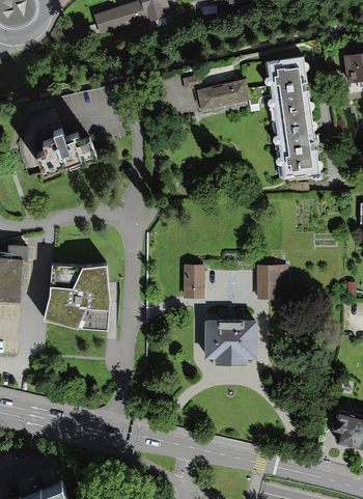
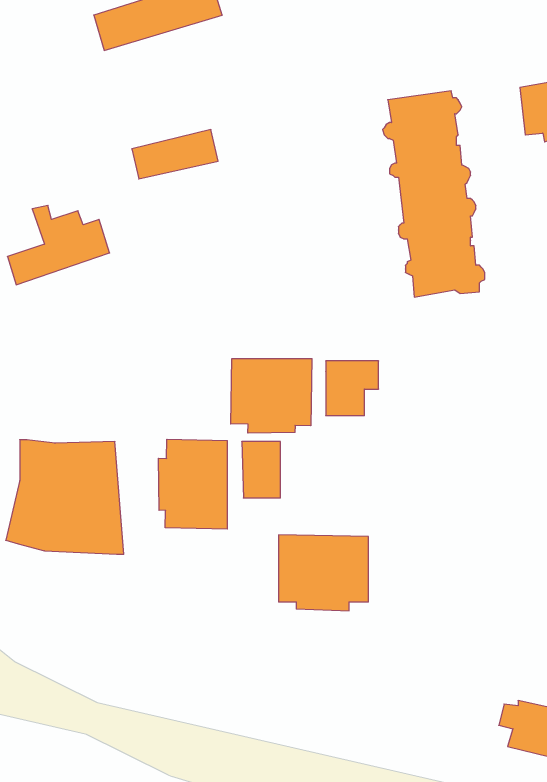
building: [194,79,245,108] -> [132,130,218,179]
building: none -> [231,359,312,433]
building: none -> [158,439,227,529]
building: [255,266,286,298] -> [326,361,379,416]

